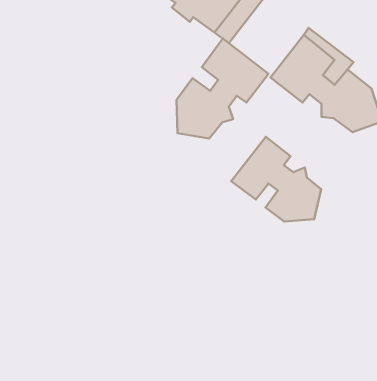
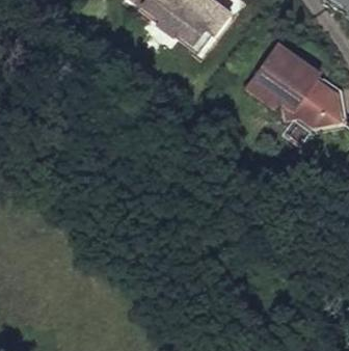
building: [176,39,269,138] -> none
building: [231,137,321,222] -> none

